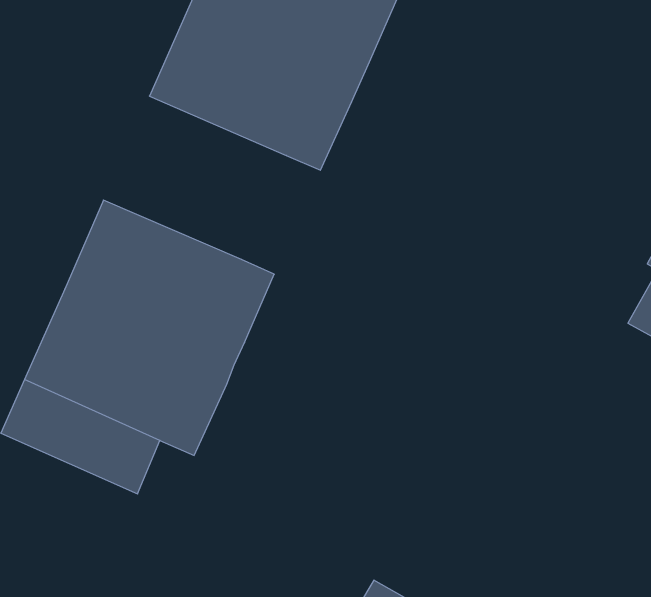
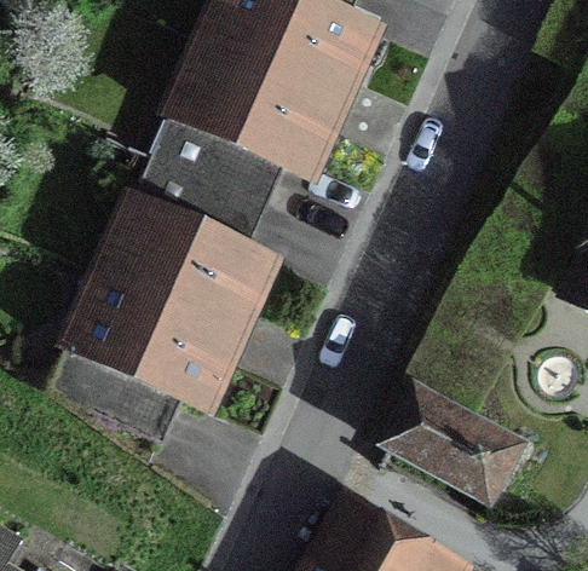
building: none -> [133,115,282,248]
building: none -> [381,379,535,511]

